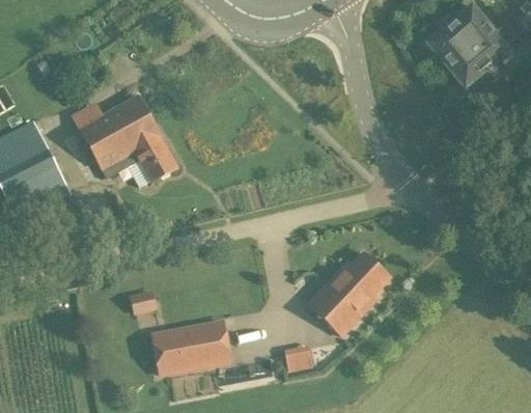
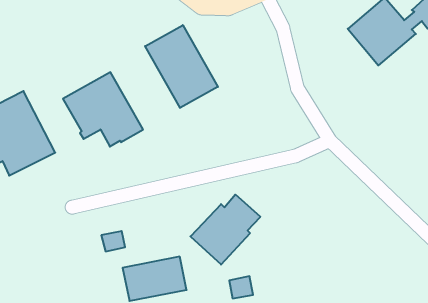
building: none -> [145,25,218,108]
building: [307,251,392,336] -> [190,195,260,265]

